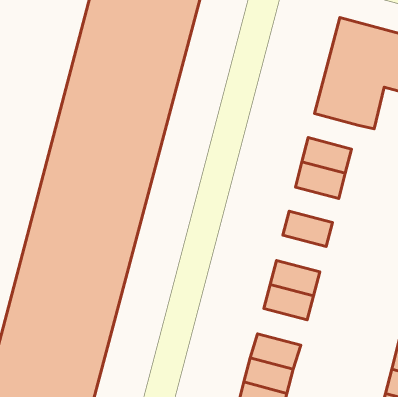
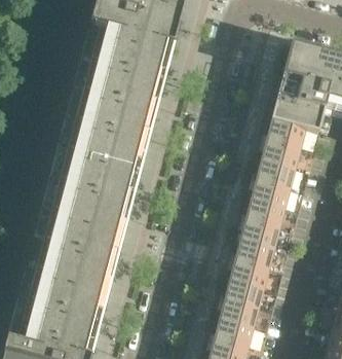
building: none -> [265,121,305,150]
building: none -> [250,181,290,210]
building: none -> [239,220,279,250]
building: none -> [224,280,264,310]

